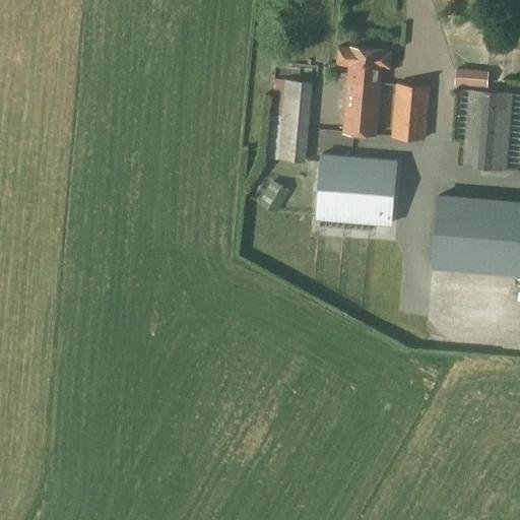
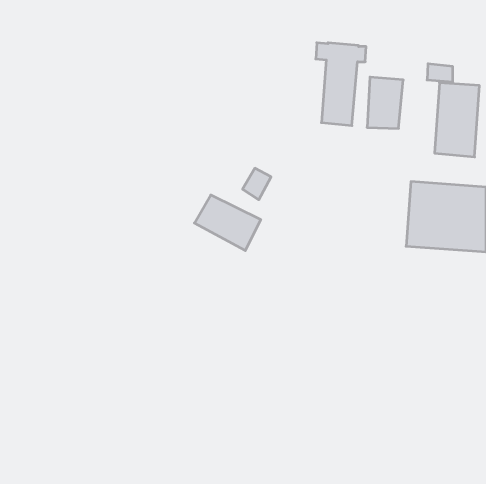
building: [267,80,312,164] -> none
building: [316,157,396,226] -> none
building: none -> [194,195,261,251]

